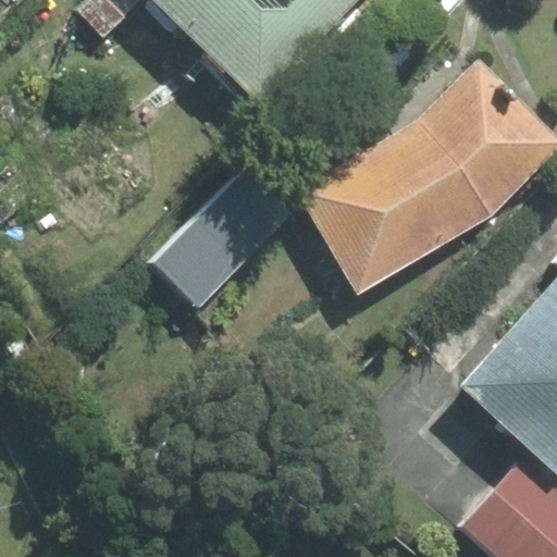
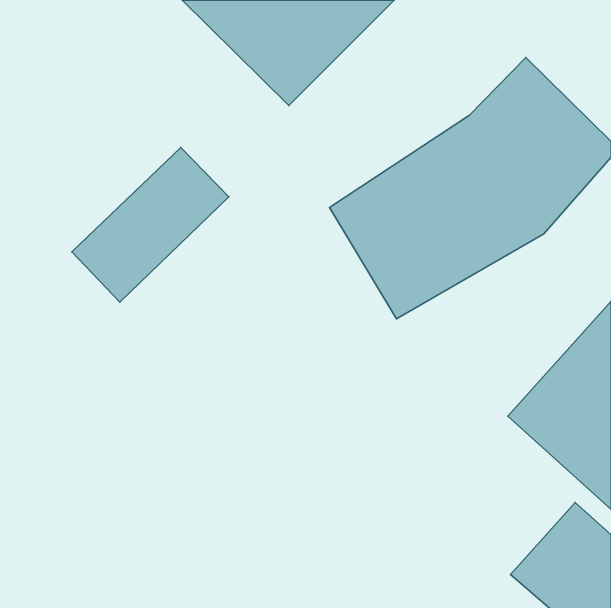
building: [153,166,296,307] -> [72,148,229,302]

